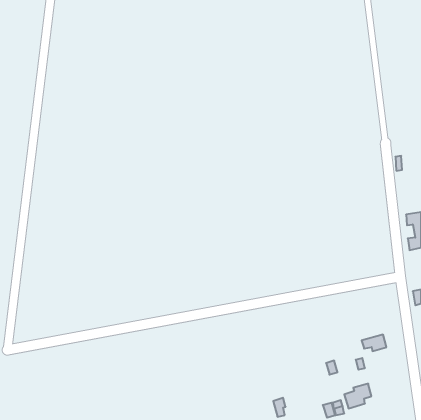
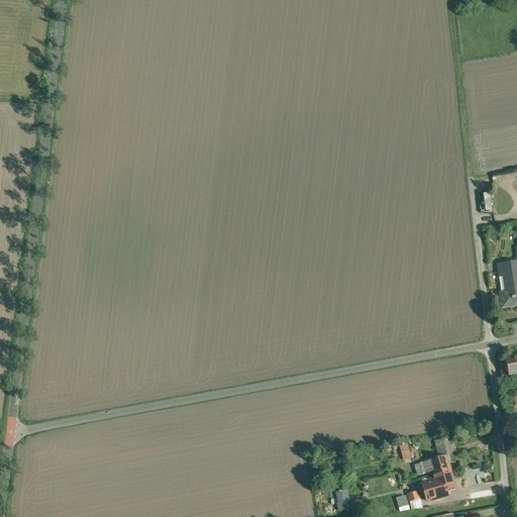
building: [362,335,386,351] -> [419,454,449,475]

